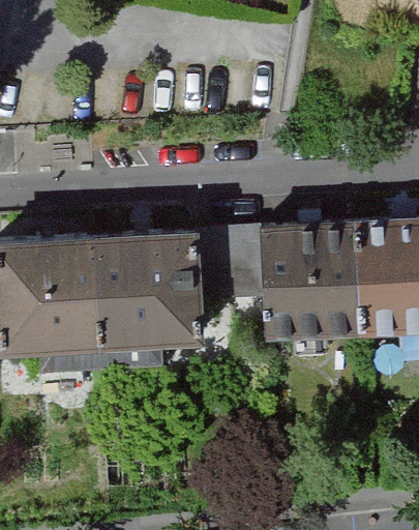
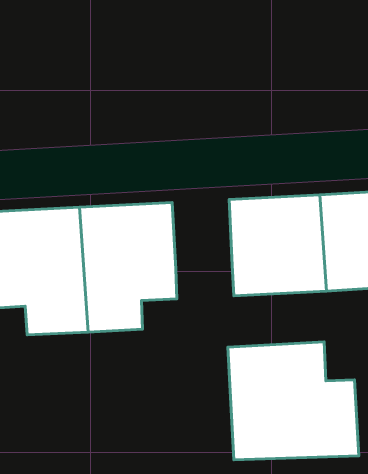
building: [203,225,268,300] -> none
building: none -> [228,342,359,460]

